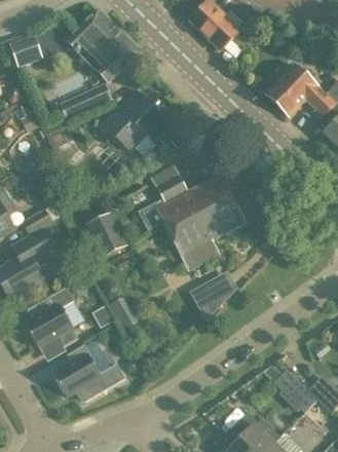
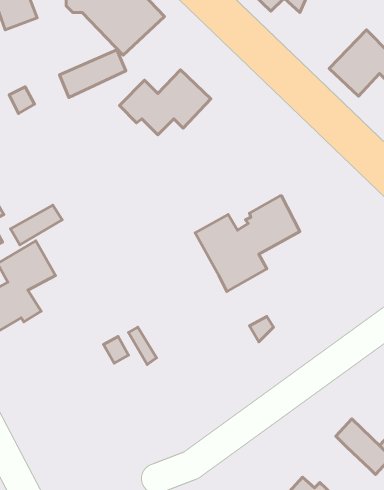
building: [138,161,229,231] -> none
building: [84,210,126,255] -> none
building: [24,291,73,359] -> none
building: [52,339,123,399] -> none

